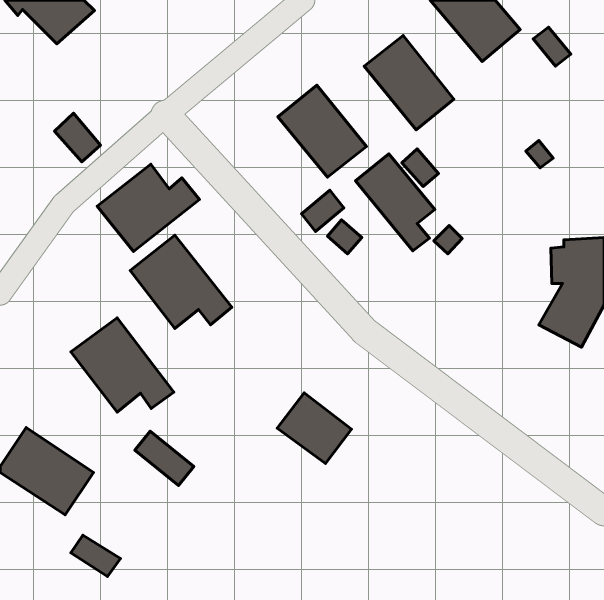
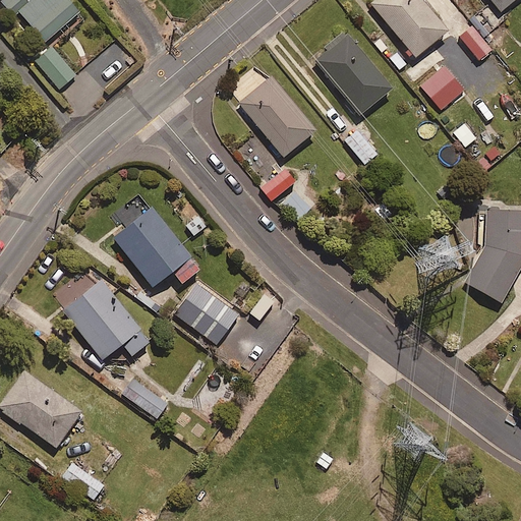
building: none -> [420,68,464,111]
building: [55,113,101,162] -> [36,47,75,89]
building: [356,154,435,251] -> none
building: [97,164,200,252] -> none
building: [277,393,352,464] -> [174,283,238,344]

